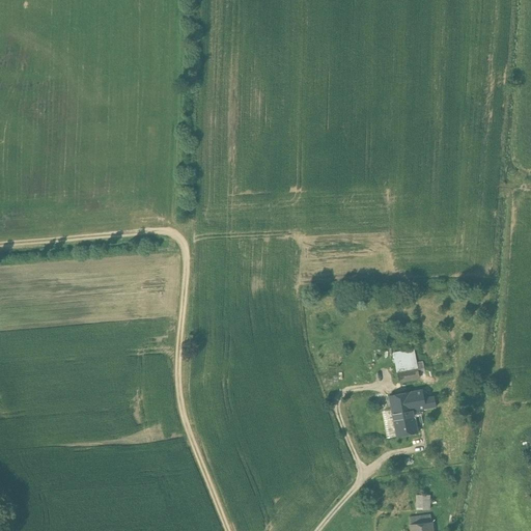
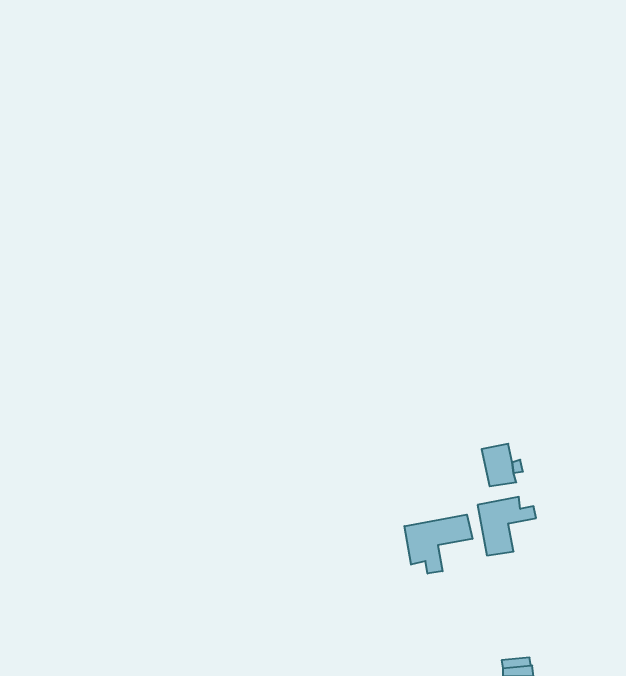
building: none -> [404,515,472,574]

